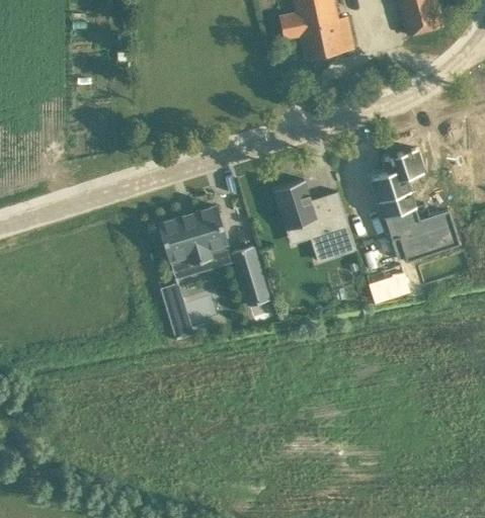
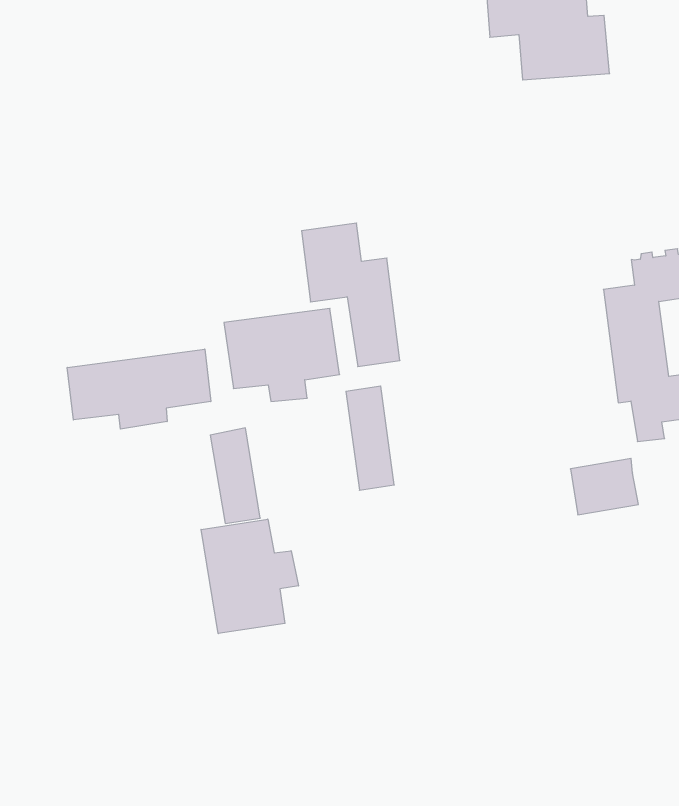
building: [275,181,342,262] -> [302,223,400,367]
building: none -> [67,349,211,429]
building: none -> [201,519,298,634]

